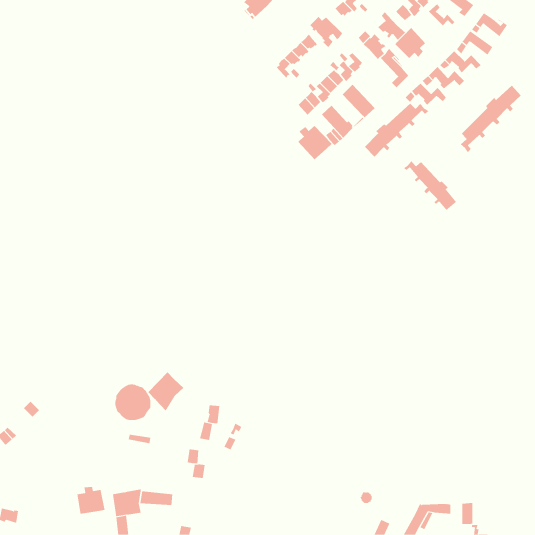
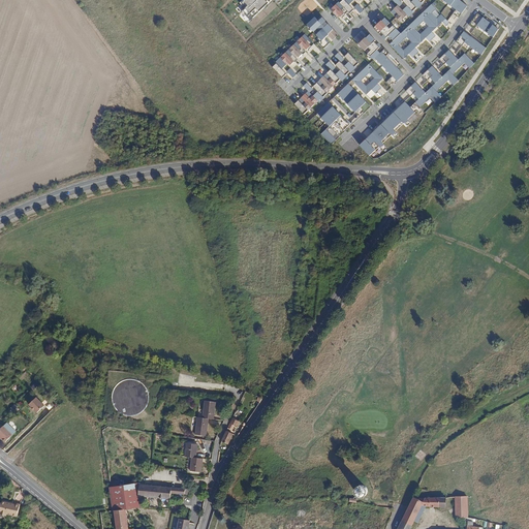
building: none -> [405,11,436,42]
building: none -> [351,63,382,94]
building: [460,85,521,153] -> none
building: [298,125,333,160] -> none
building: [403,161,457,211] -> none
building: [147,371,184,411] -> none
building: [77,486,105,515] -> none

